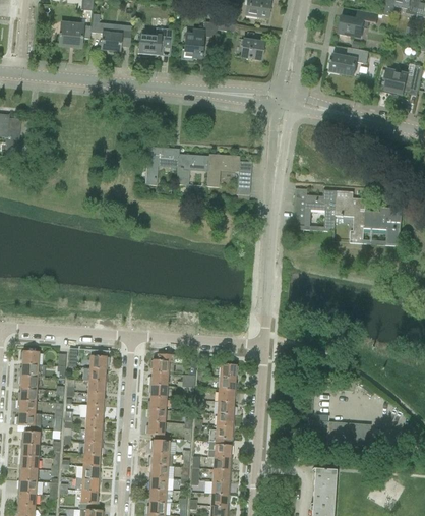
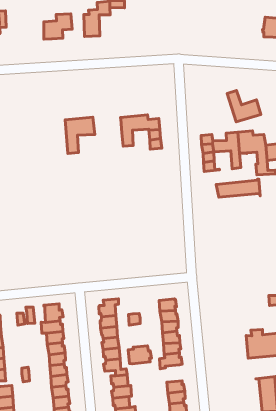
building: [102,24,132,51] -> none
building: [241,40,264,60] -> none
building: [330,47,369,75] -> none
building: none -> [227,90,261,122]
building: [177,149,209,185] -> none
building: none -> [216,179,260,197]
building: [207,439,233,458] -> [128,346,151,364]

